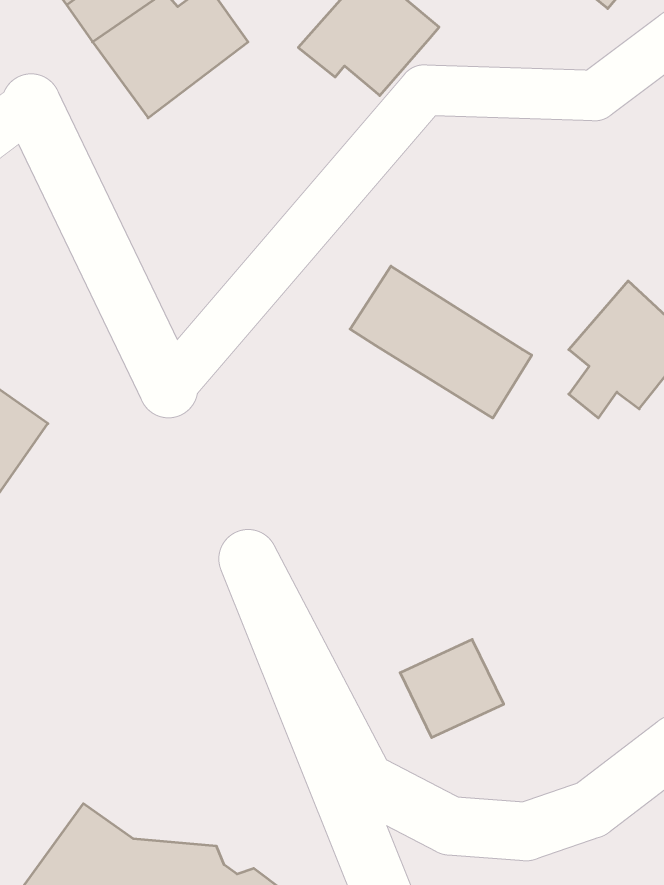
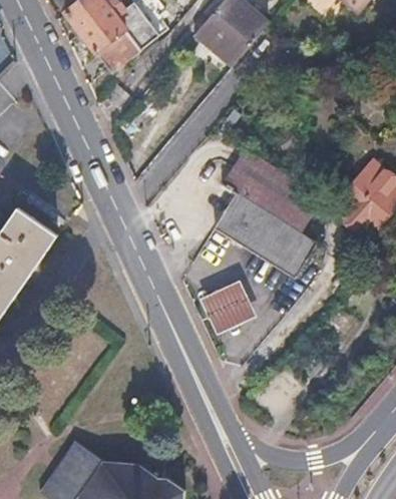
building: none -> [214,194,316,280]
building: [400,639,504,738] -> [201,280,257,333]

